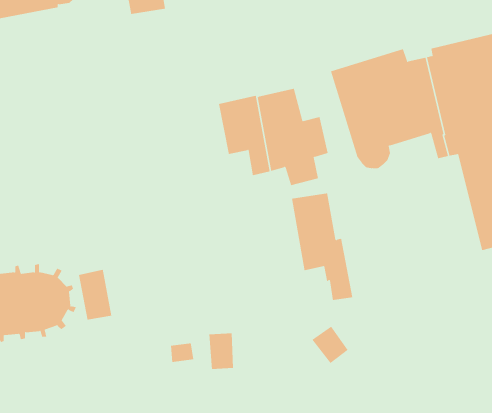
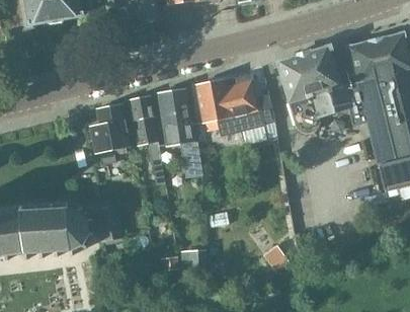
building: none -> [128,95,167,184]
building: none -> [90,102,130,163]
building: [291,193,353,300] -> [159,89,203,166]

